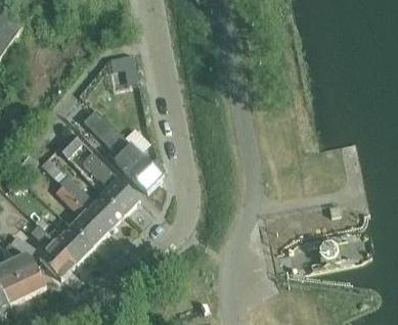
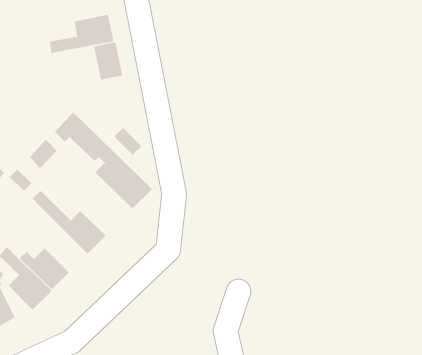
building: none -> [49,14,114,54]
building: [82,151,139,215] -> none
building: [55,185,107,246] -> none

